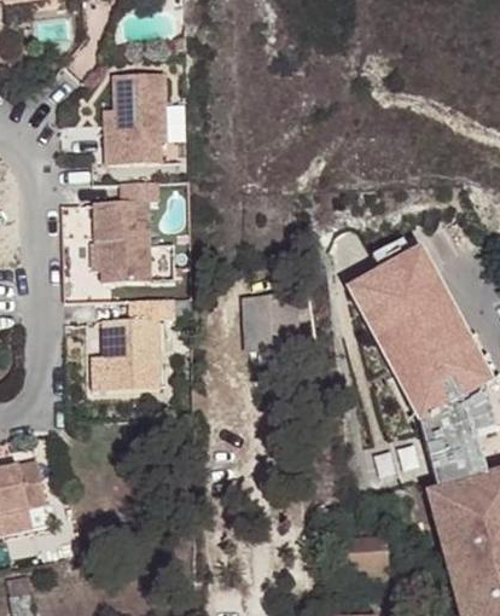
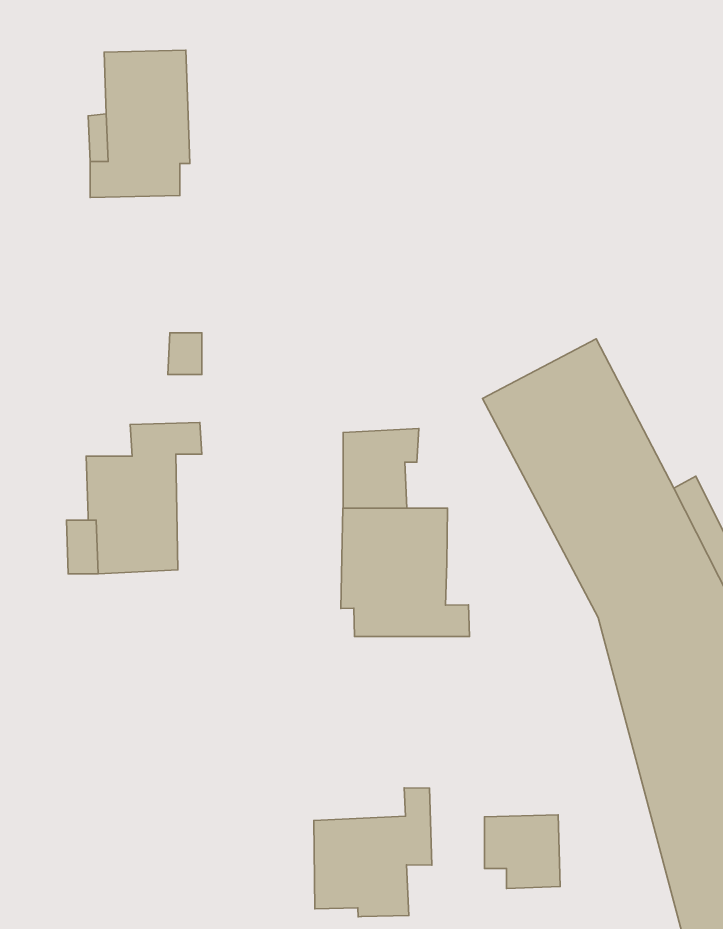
building: [93,181,156,281] -> none
building: none -> [341,508,470,636]
building: none -> [314,788,432,917]

